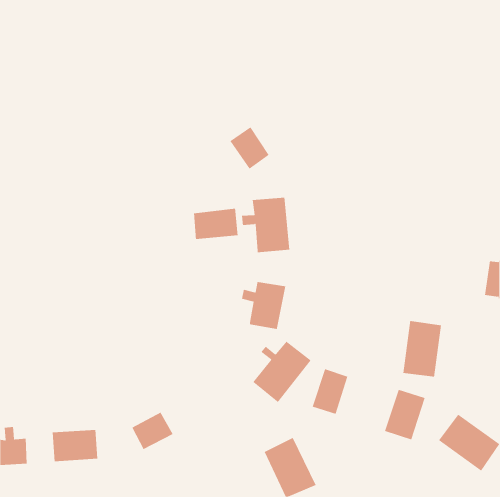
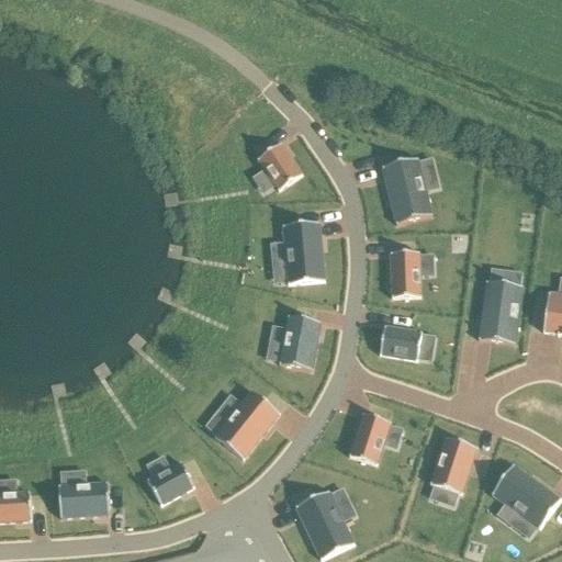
building: none -> [382,157,431,223]
building: [193,208,238,240] -> none
building: none -> [391,251,420,297]
building: none -> [380,325,422,360]
building: [403,320,442,377] -> [479,280,522,344]
building: [253,341,312,403] -> [214,390,280,459]

